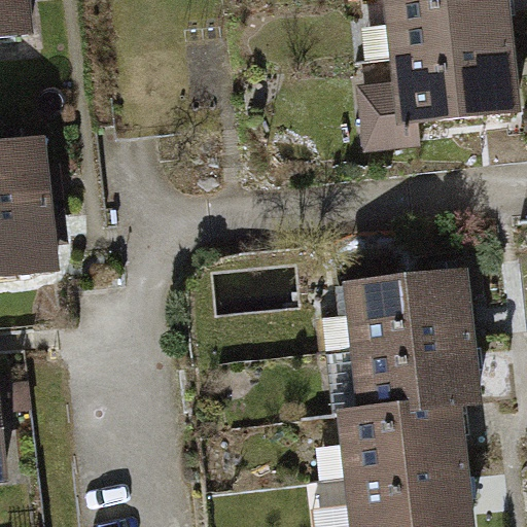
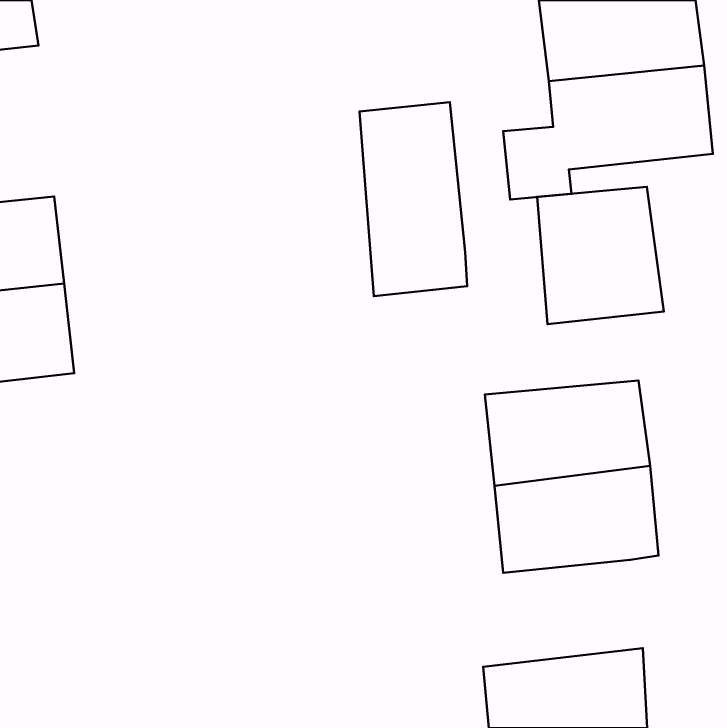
building: none -> [360,102,467,296]
building: none -> [537,187,664,324]
building: [345,405,464,482] -> none

